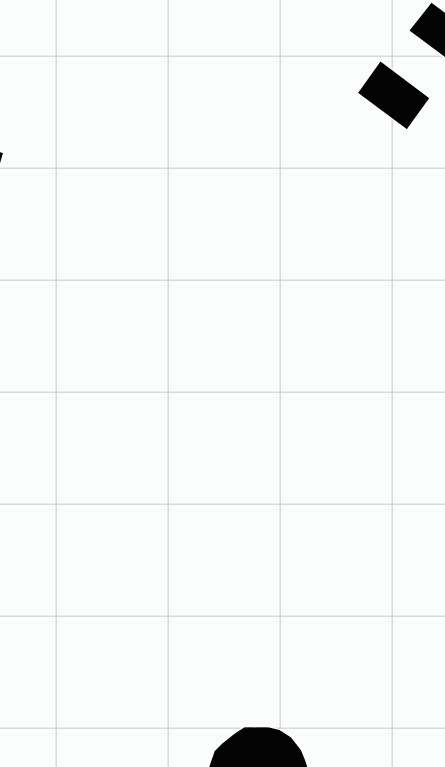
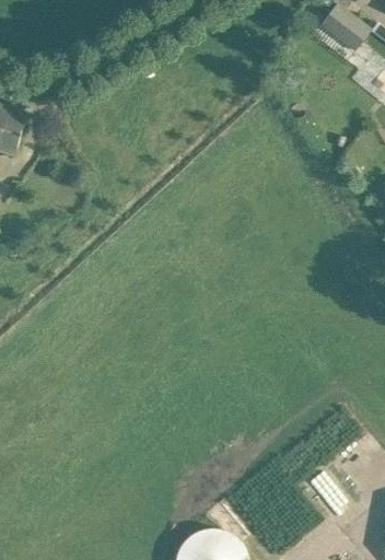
building: [357,60,430,130] -> none

